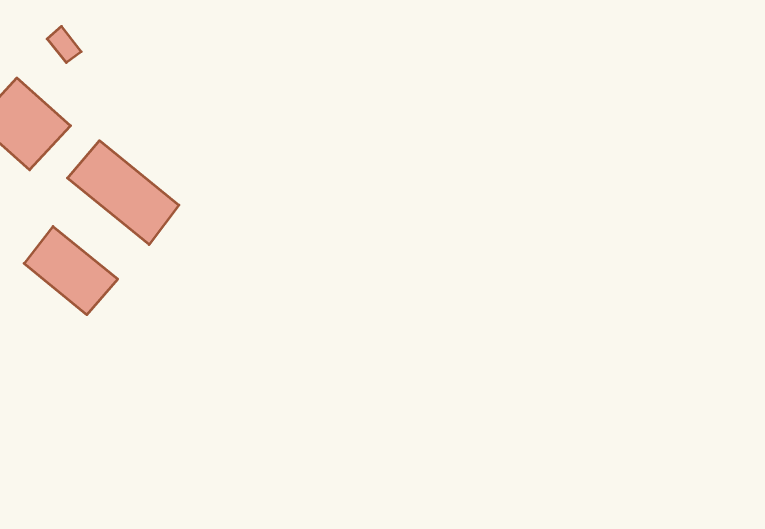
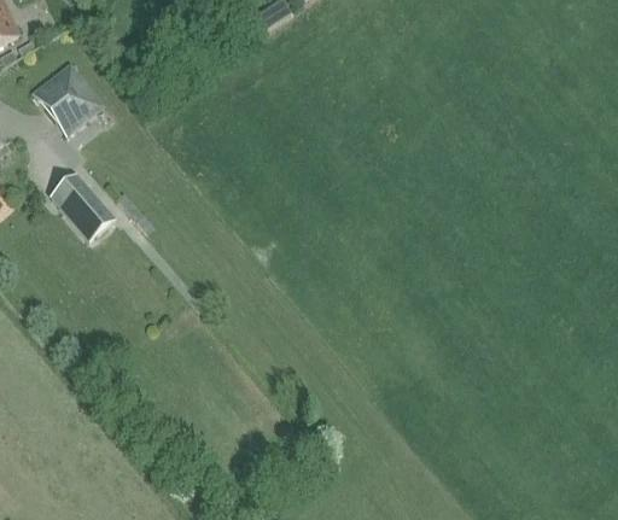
building: [67,141,179,245] -> none

